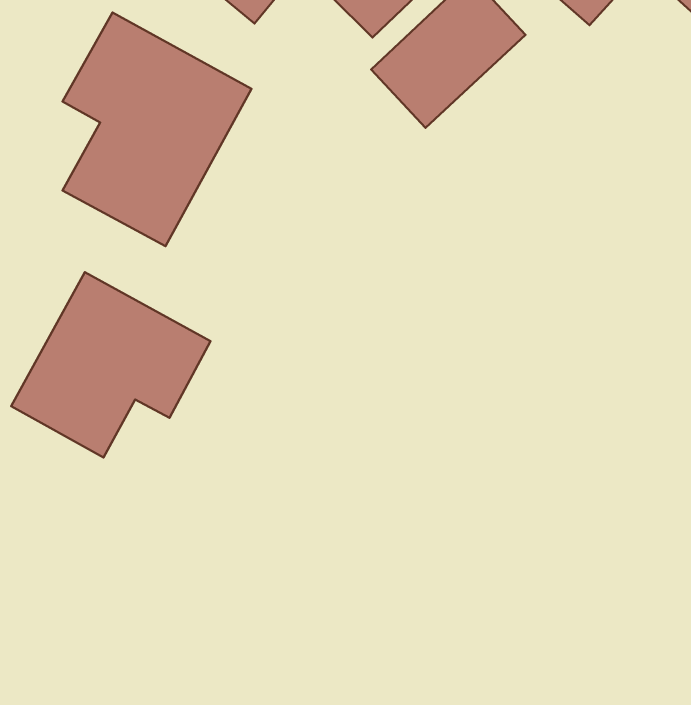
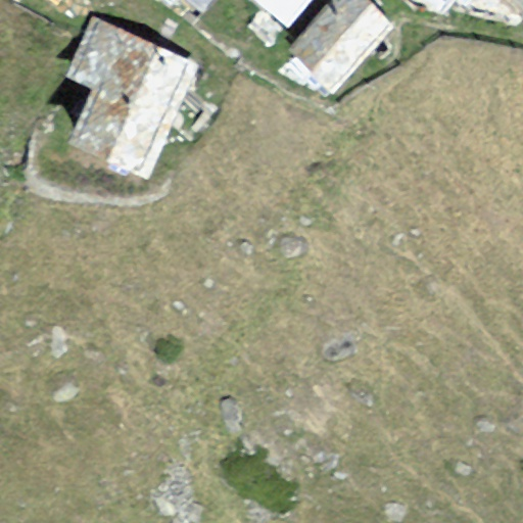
building: [11,272,210,458] -> none

